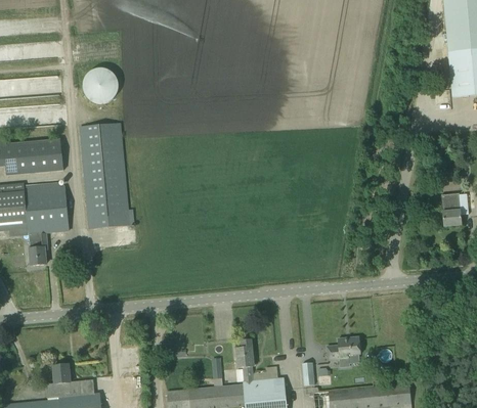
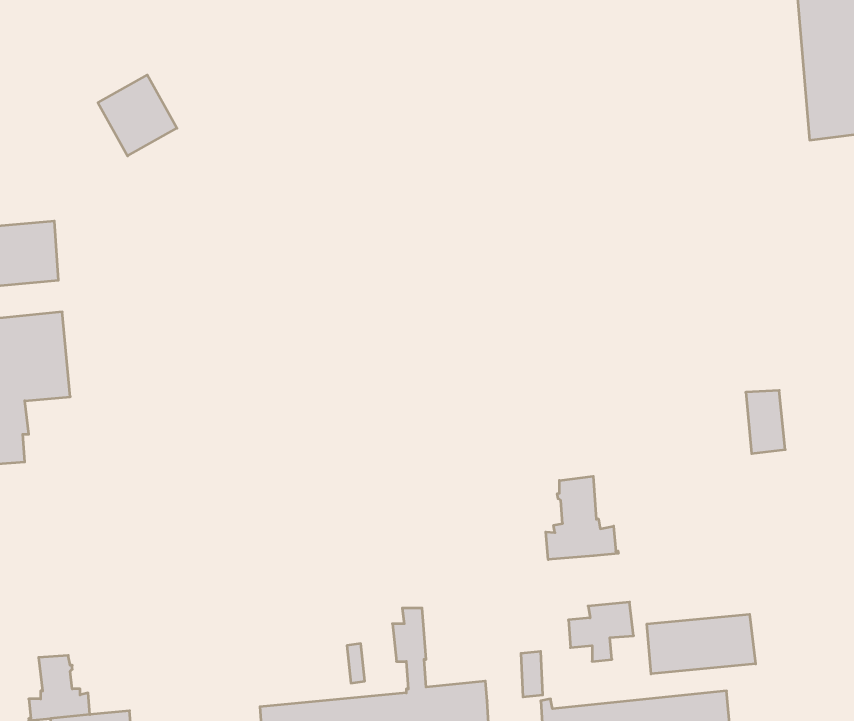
building: [79,124,134,229] -> none
building: [440,194,461,227] -> [746,390,785,454]
building: none -> [546,476,618,560]
building: none -> [647,614,756,674]

